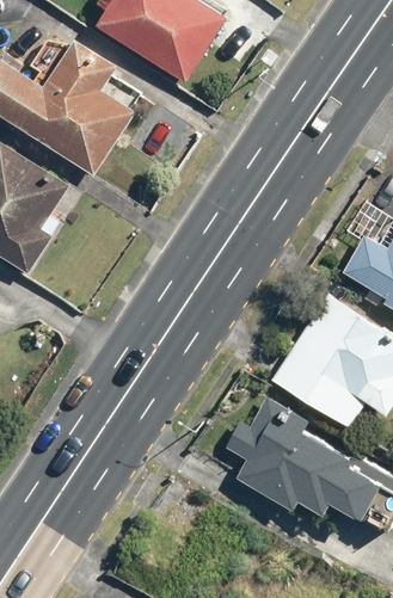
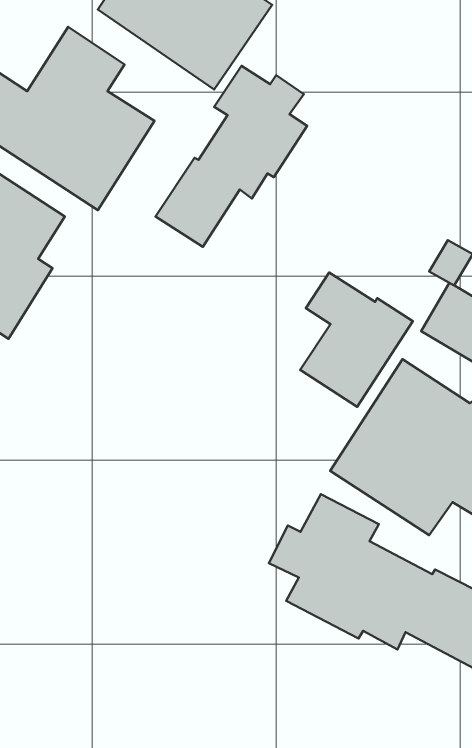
building: none -> [156,66,307,247]
building: none -> [300,272,413,407]

